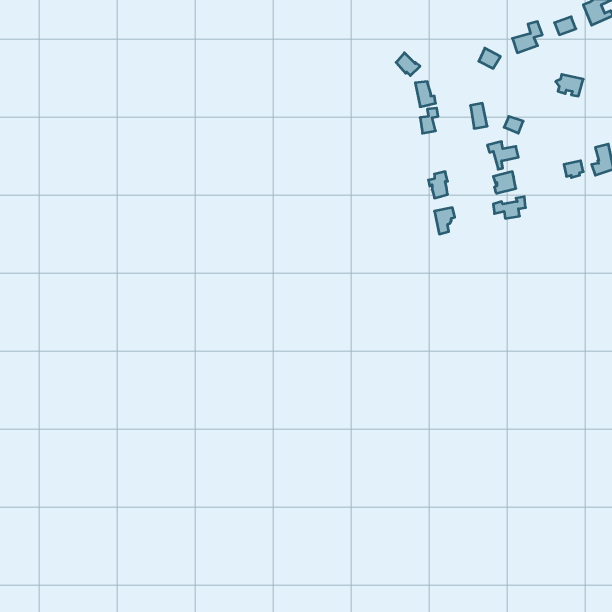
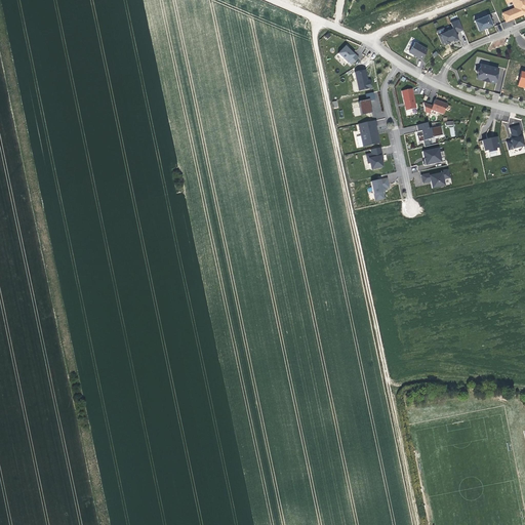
building: none -> [359,119,379,146]

